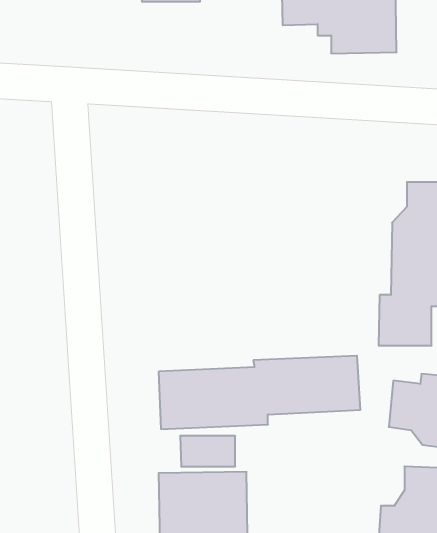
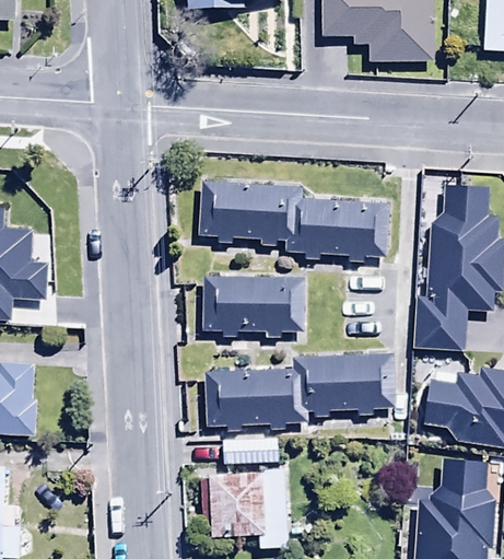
building: none -> [197,179,391,259]
building: none -> [200,276,305,330]

